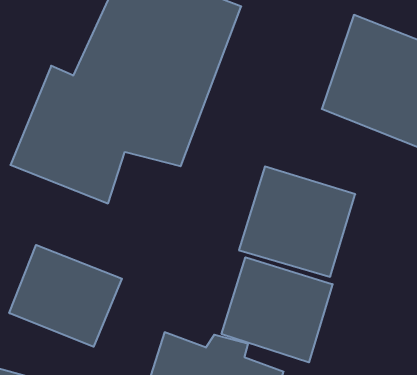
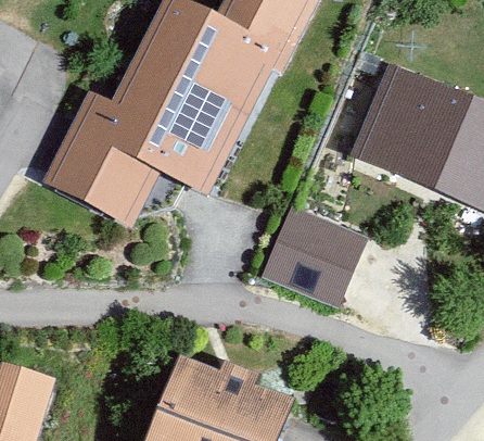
building: [9,245,122,347] -> none
building: [222,257,333,362] -> none

